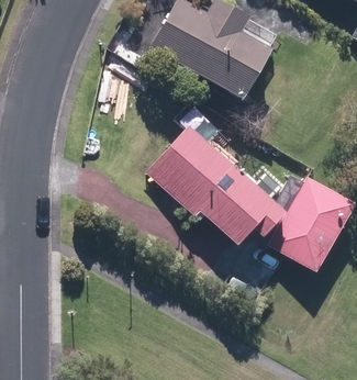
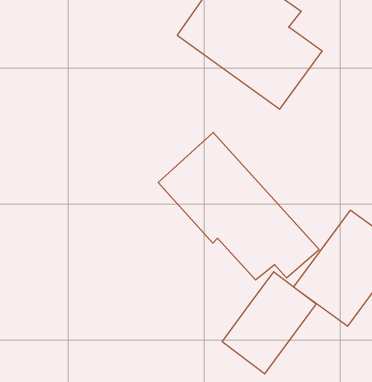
building: none -> [222,272,316,374]

